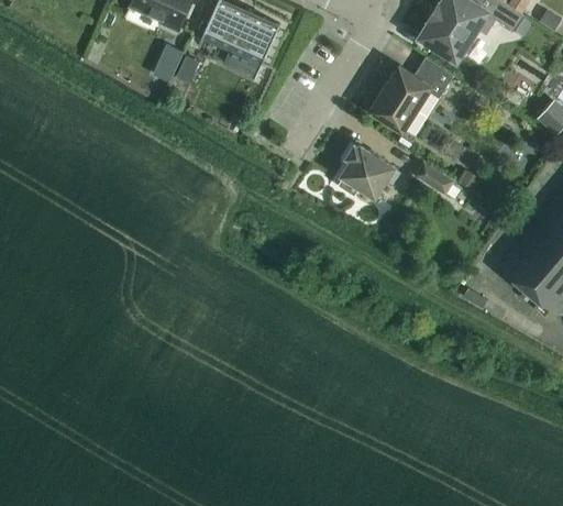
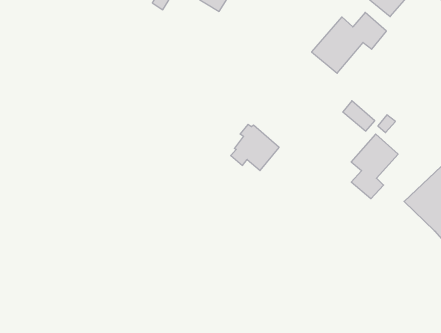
building: [339,145,394,197] -> [231,124,279,171]
building: none -> [351,134,398,199]

